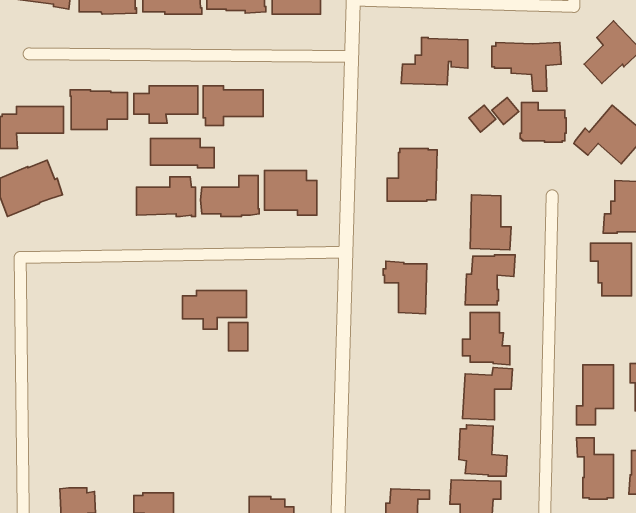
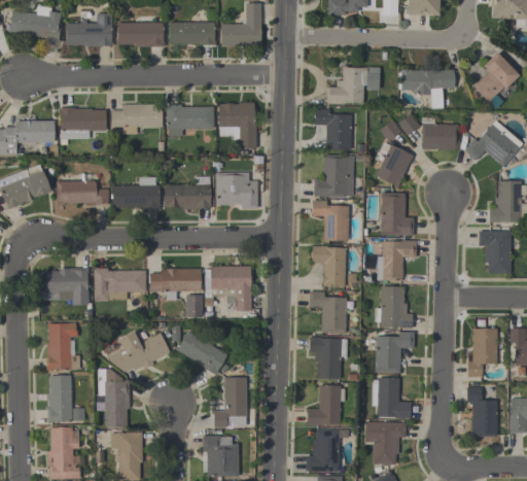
building: none -> [218,102,256,148]
building: none -> [314,108,352,149]
building: none -> [376,144,413,186]
building: [150,138,214,168] -> [57,181,108,205]
building: none -> [312,200,349,241]
building: none -> [210,266,251,311]
building: none -> [41,268,89,305]
building: none -> [94,268,146,300]
building: none -> [309,290,346,333]
building: none -> [46,322,79,371]
building: none -> [177,331,227,375]
building: none -> [108,332,170,372]
building: none -> [309,337,348,379]
building: none -> [98,369,130,427]
building: none -> [47,376,71,423]
building: none -> [214,377,246,427]
building: none -> [306,385,345,425]

